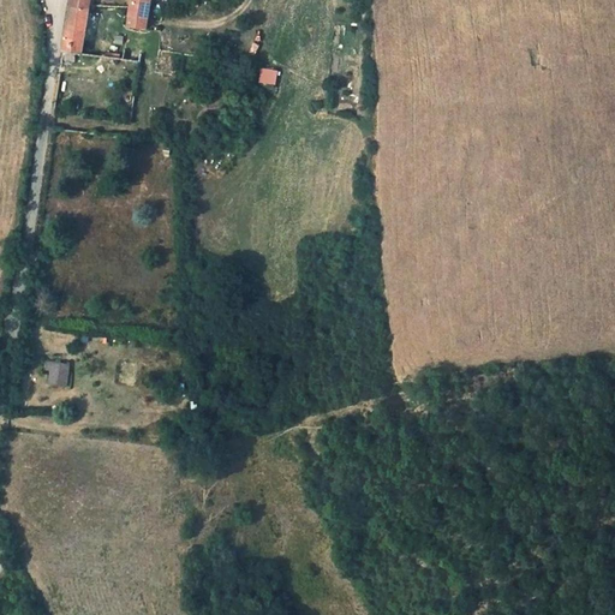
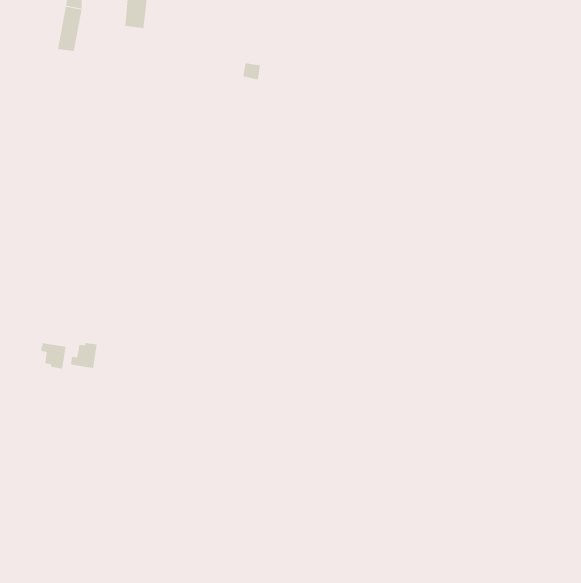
building: none -> [71,342,97,369]

